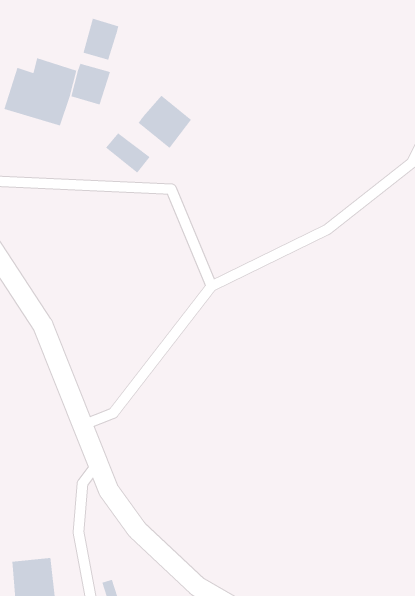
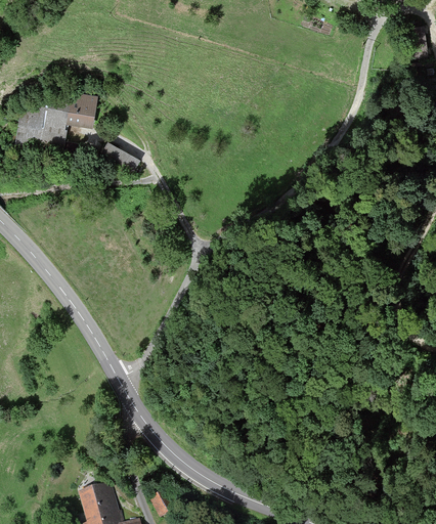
building: [83,18,119,61] -> none
building: [138,95,192,149] -> none

